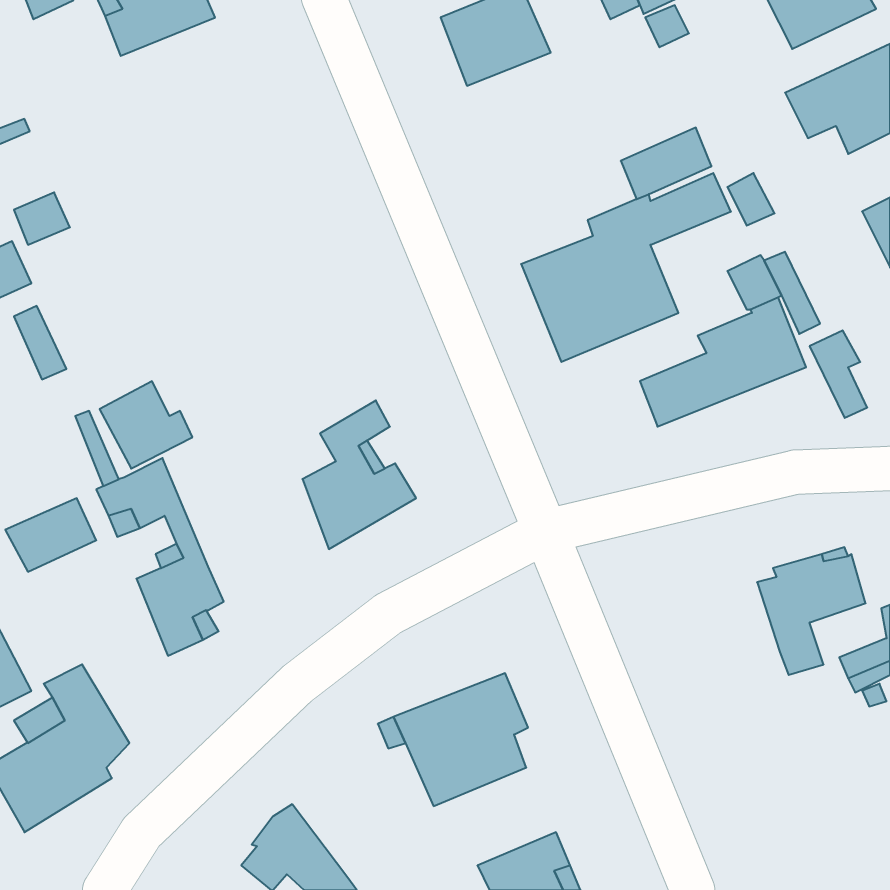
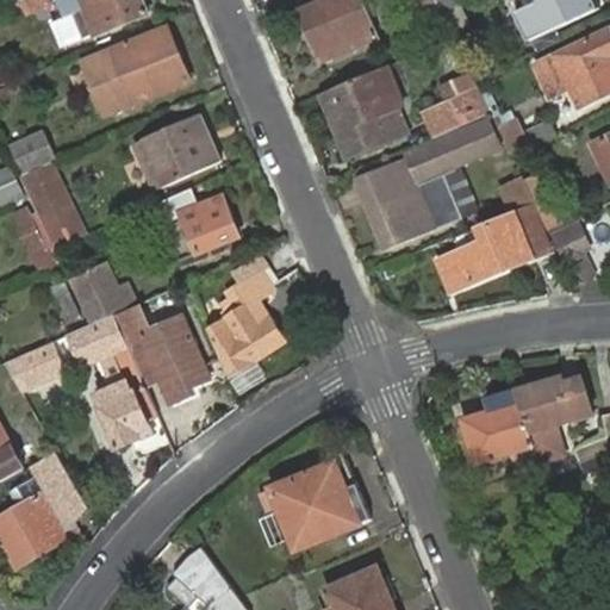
building: none -> [81,26,187,113]
building: none -> [319,66,400,158]
building: none -> [144,113,219,183]
building: none -> [20,160,80,245]
building: none -> [151,194,238,266]
building: none -> [111,301,206,403]
building: none -> [461,391,531,462]

